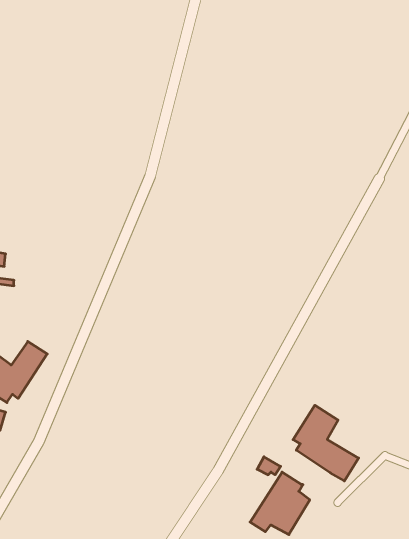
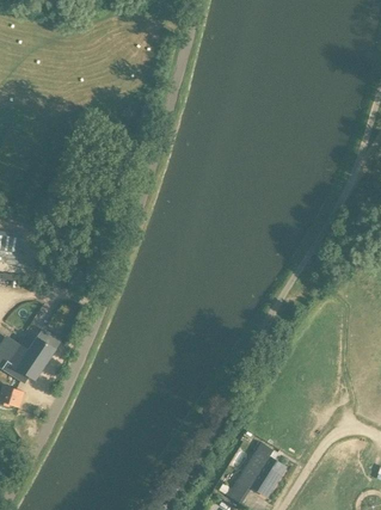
building: [293,405,359,481] -> none

